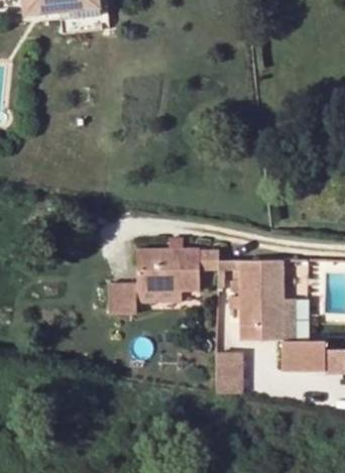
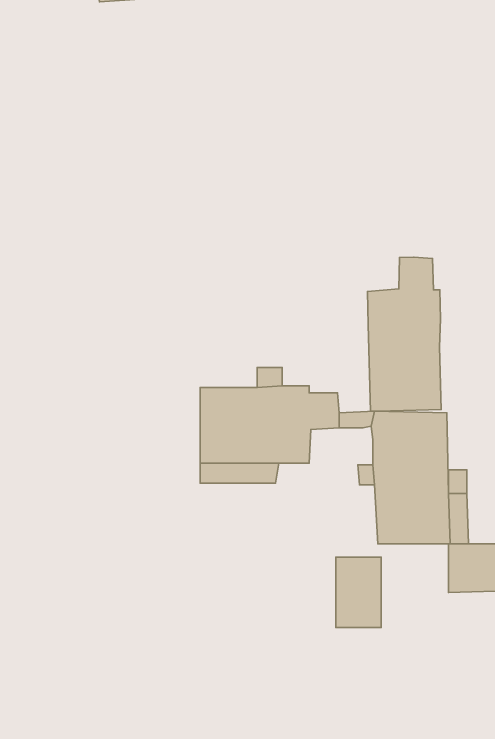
building: none -> [367,257,441,411]
building: [108,279,134,311] -> none

